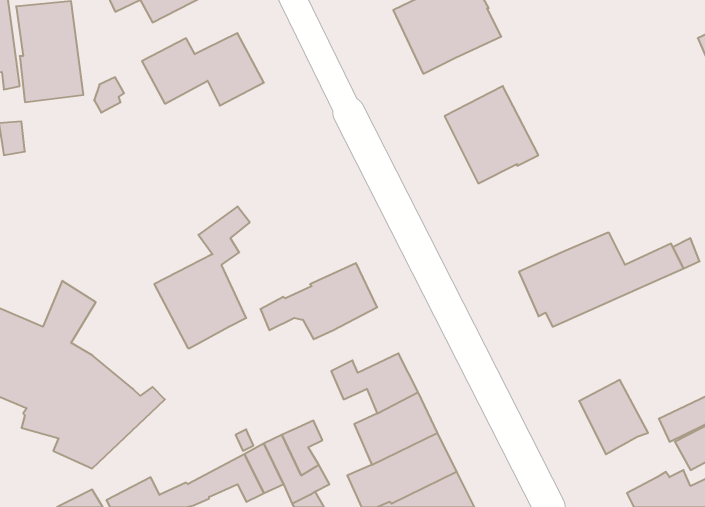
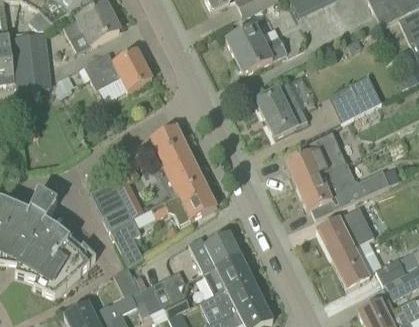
building: none -> [329,73,382,120]
building: none -> [152,126,205,193]
building: none -> [287,131,347,185]
building: none -> [316,206,374,258]
building: none -> [111,216,144,265]

